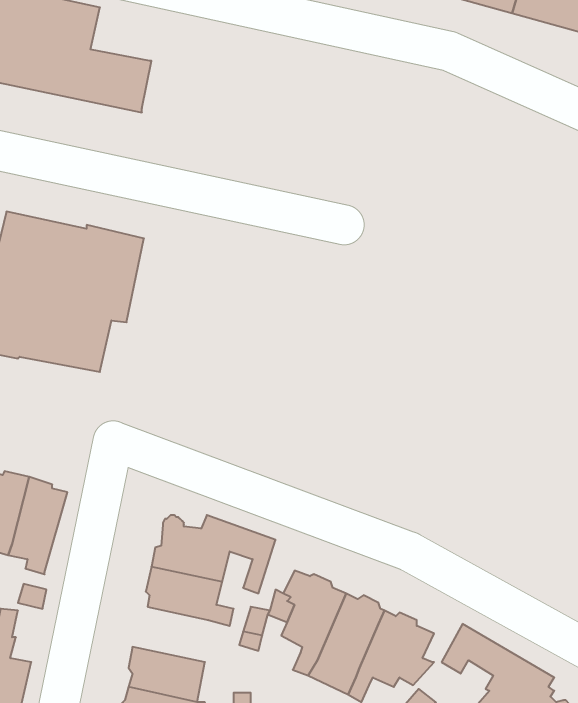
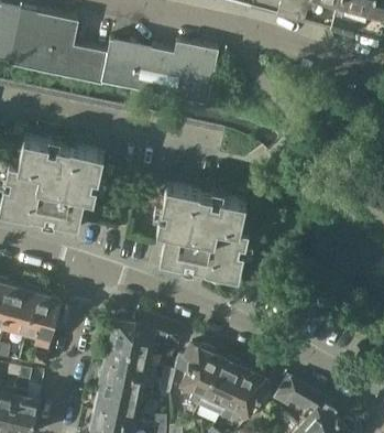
building: none -> [102,39,218,101]
building: none -> [156,185,249,284]
building: none -> [97,367,153,399]

